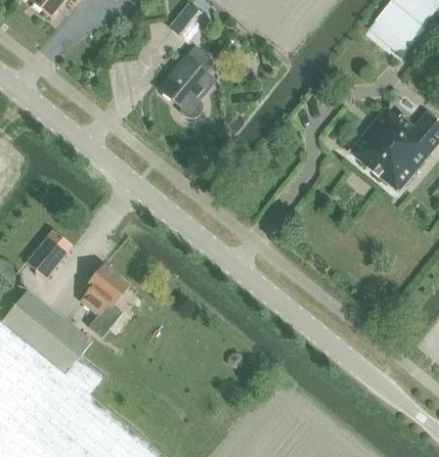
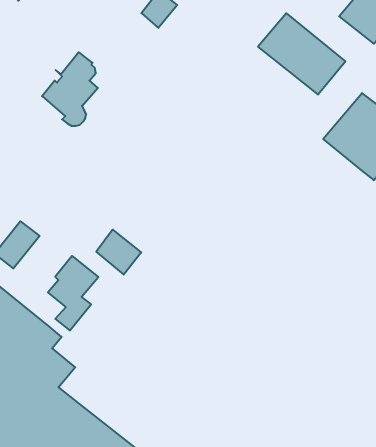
building: none -> [258,13,345,95]
building: [160,47,214,119] -> [42,52,98,126]
building: none -> [96,230,141,275]

